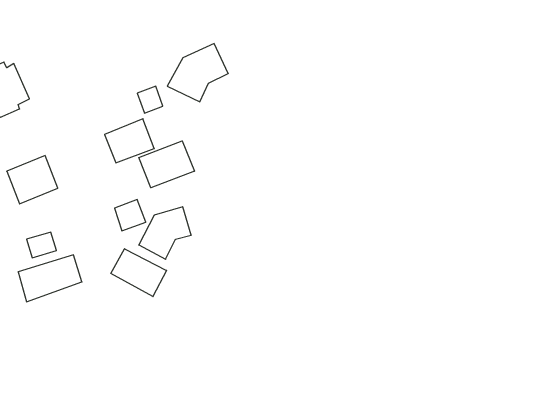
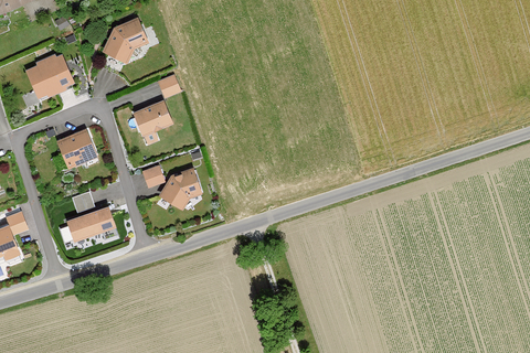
building: [167,44,228,102] -> [100,18,148,63]
building: [139,141,194,188] -> none
building: [111,249,167,297] -> none

